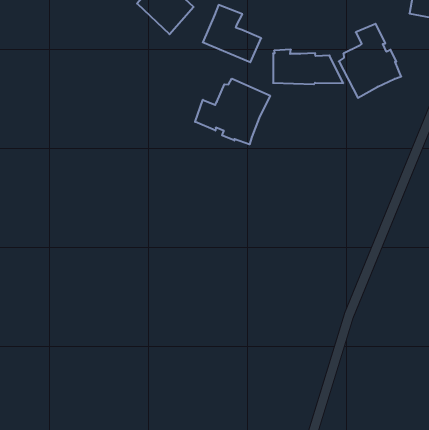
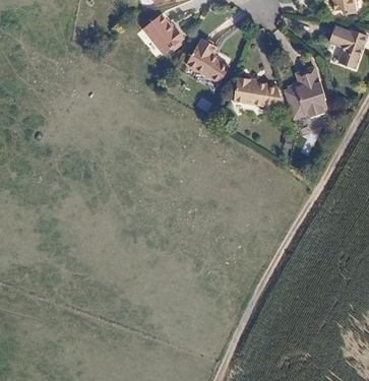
building: [195,79,270,144] -> none

